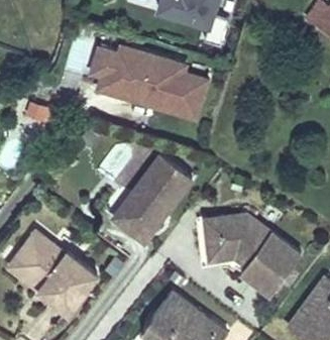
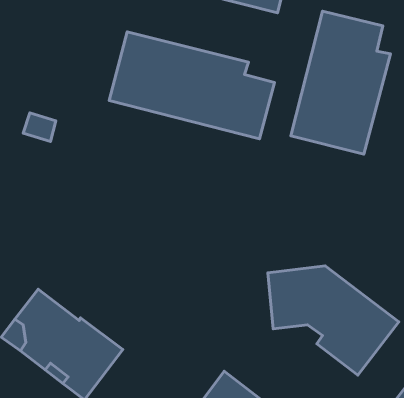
building: none -> [291,11,391,154]
building: [117,155,191,241] -> none

